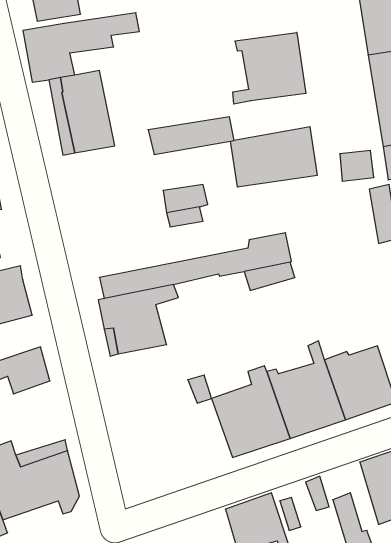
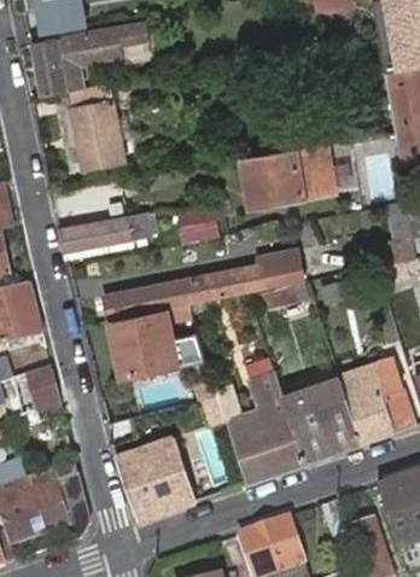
building: [233,32,306,104] -> none
building: [148,117,234,154] -> [62,212,150,251]
building: none -> [116,436,194,518]

